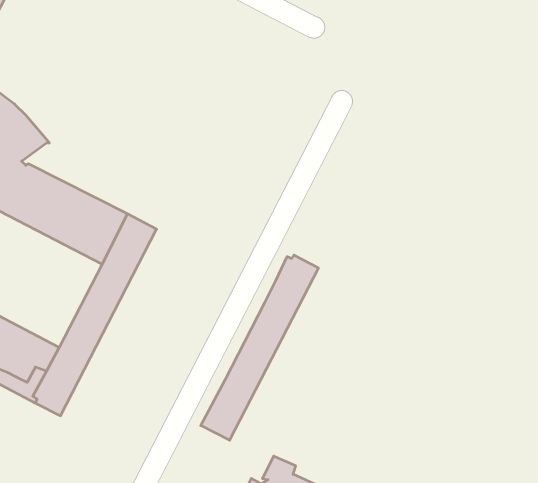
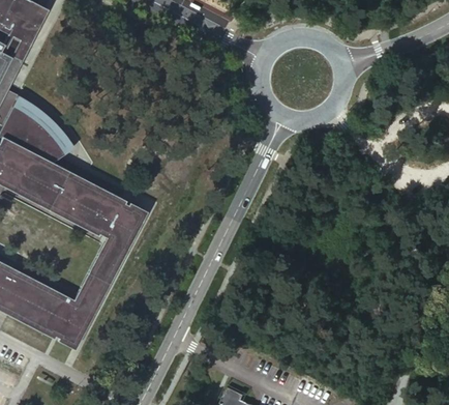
building: [201,255,318,440] -> none

